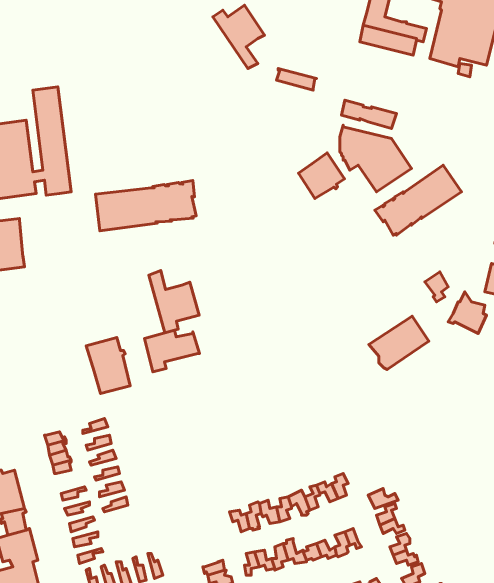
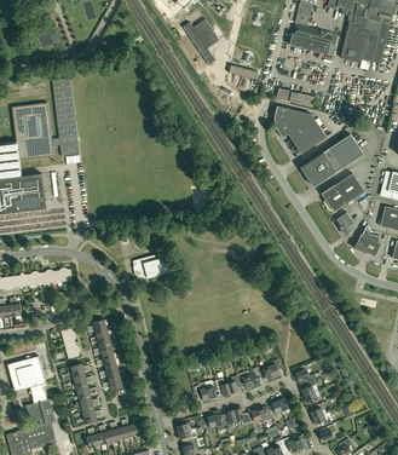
building: [298,153,345,198] -> none
building: [95,181,196,231] -> none
building: [149,270,199,333] -> none
building: [369,316,429,369] -> [321,173,364,212]
building: [86,337,130,394] -> none

